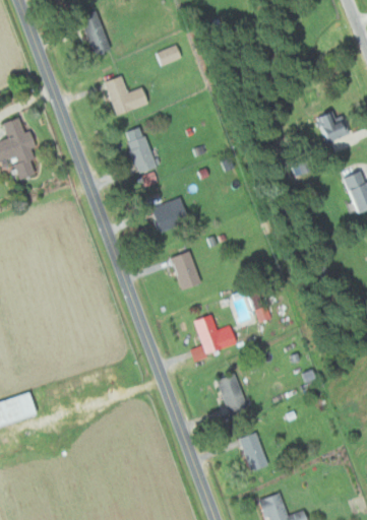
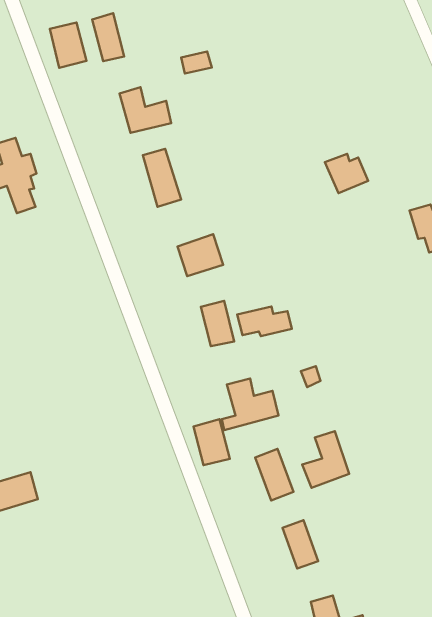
building: none -> [50,23,87,68]
building: [314,112,350,144] -> [325,154,368,193]
building: none -> [237,307,292,336]
building: none -> [194,419,230,465]
building: none -> [302,431,349,488]

